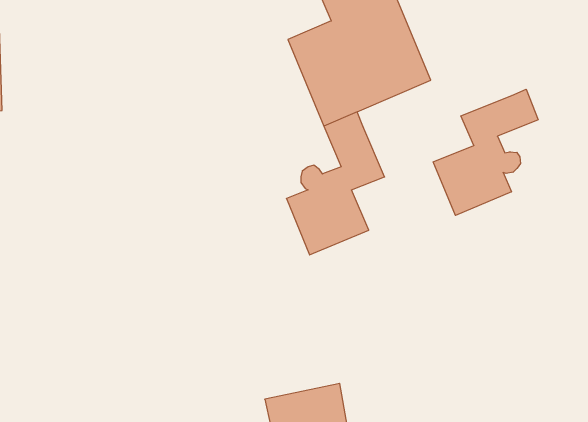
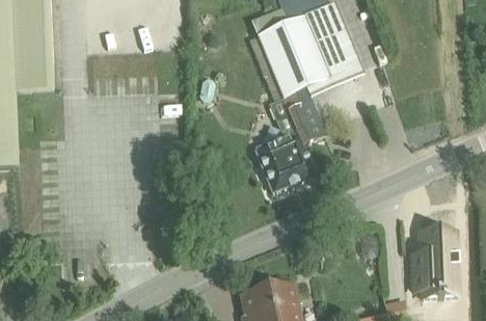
building: [433,89,538,215] -> none
building: none -> [415,229,460,292]

